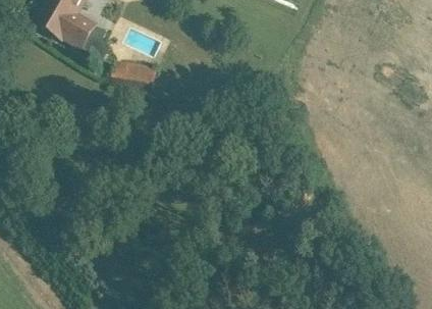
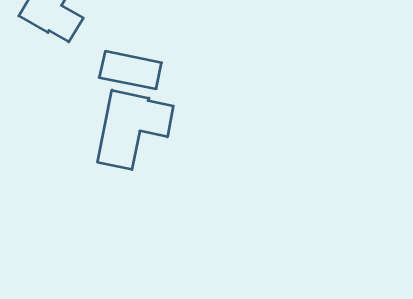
building: none -> [98,90,173,170]

